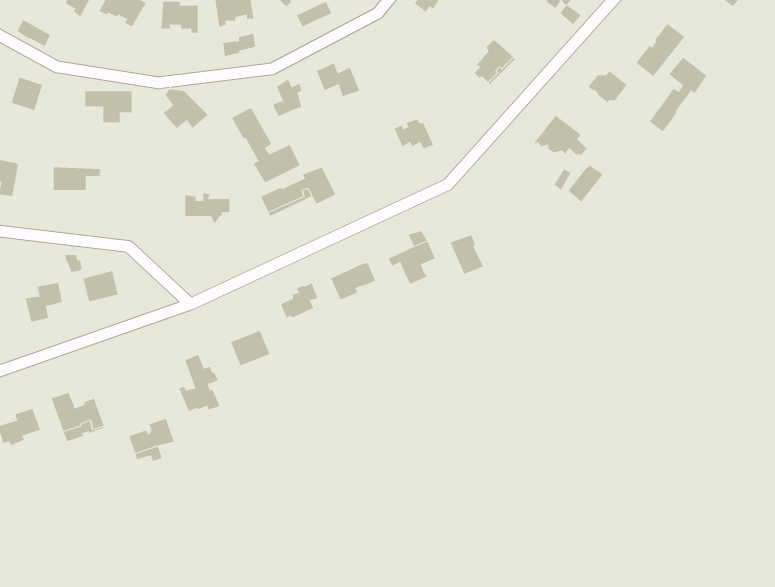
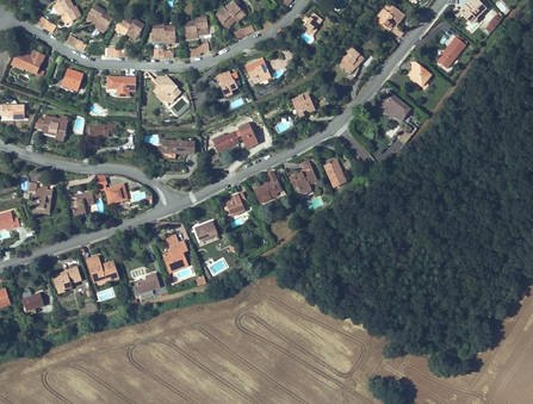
building: [649,56,707,132] -> none
building: [231,107,301,183] -> none

